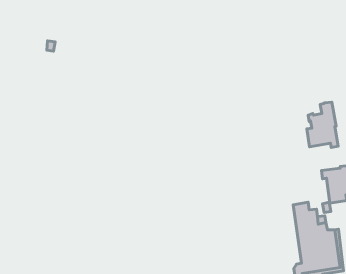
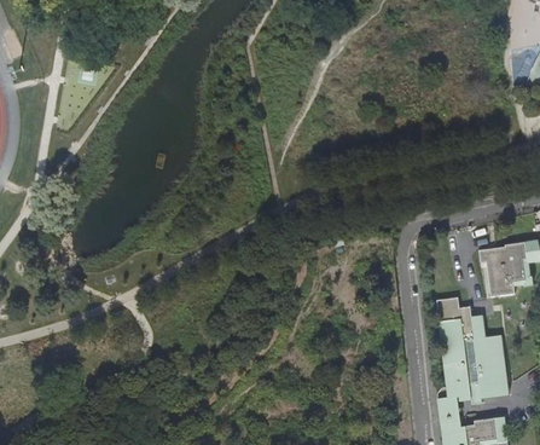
building: [307,102,338,148] -> none

